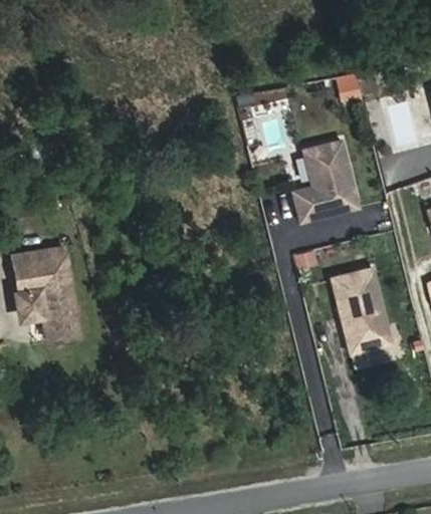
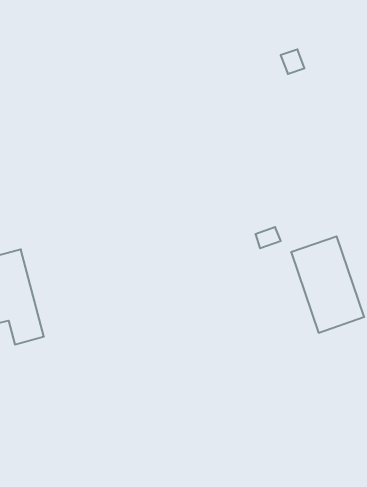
building: [288,136,360,224] -> none

